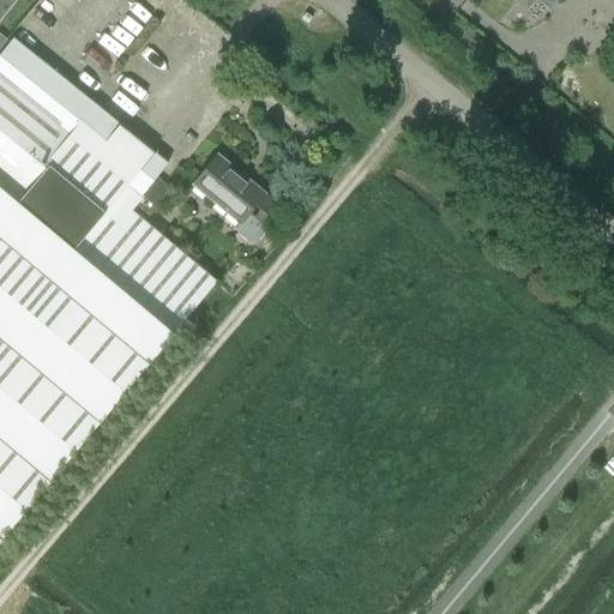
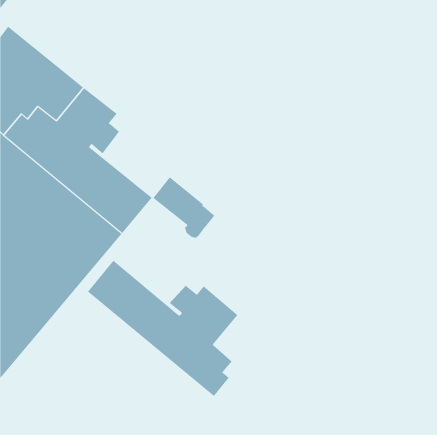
building: [191,151,278,237] -> [153,176,215,238]
building: none -> [87,260,238,397]

